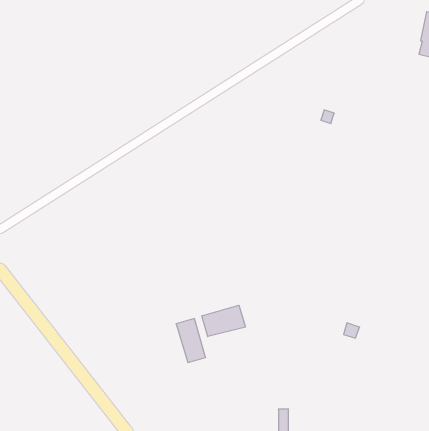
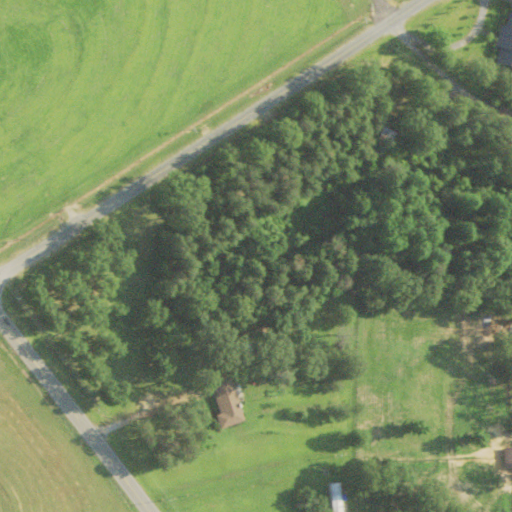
building: [202,305,245,337] -> none

